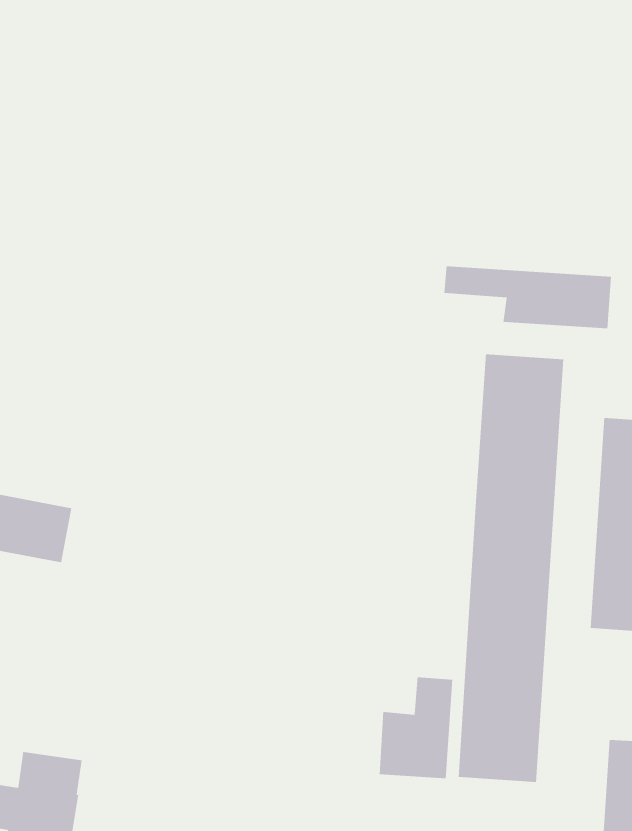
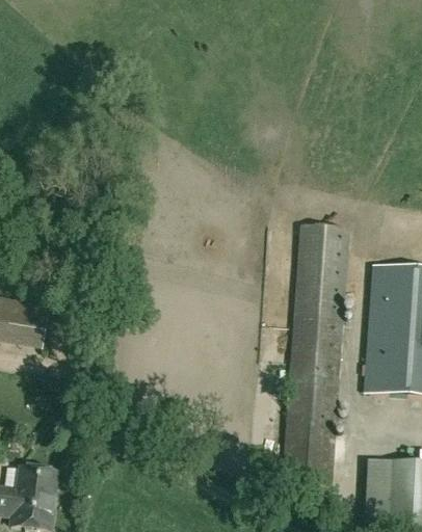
building: [444,265,611,329] -> none
building: [379,676,453,779] -> none

